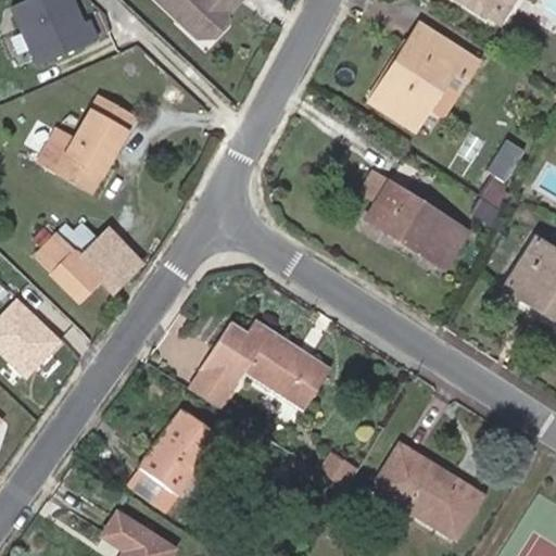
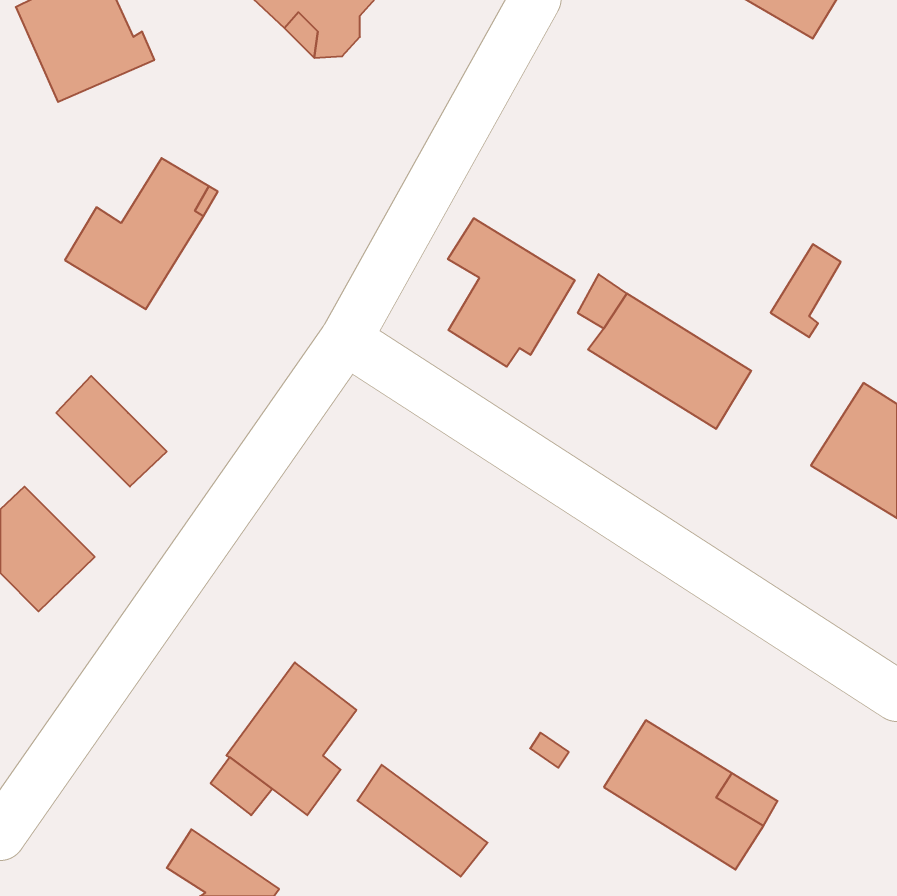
building: [370,24,475,128] -> none
building: none -> [448,218,575,367]
building: [79,228,140,290] -> none
building: [188,321,329,410] -> none
building: none -> [357,765,488,877]

